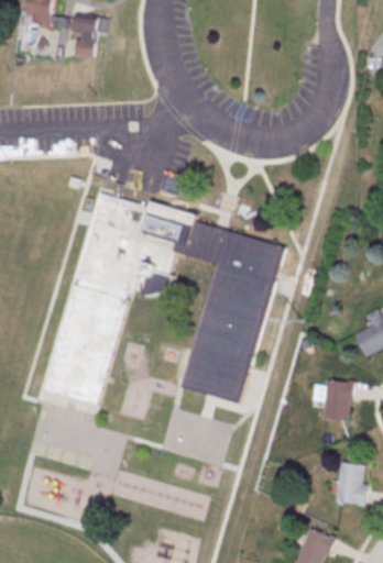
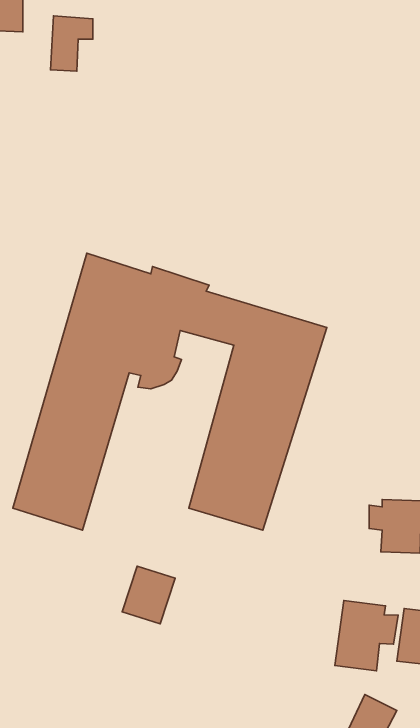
building: none -> [122,566,175,624]
building: none -> [335,600,398,671]

